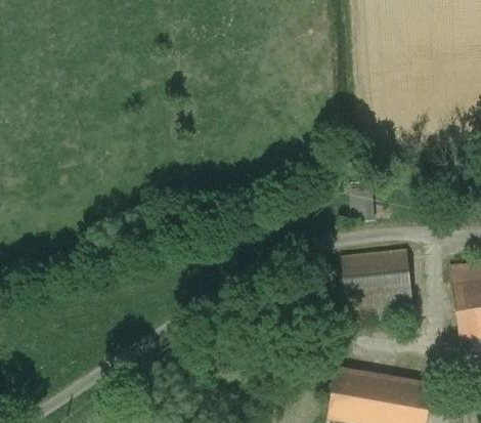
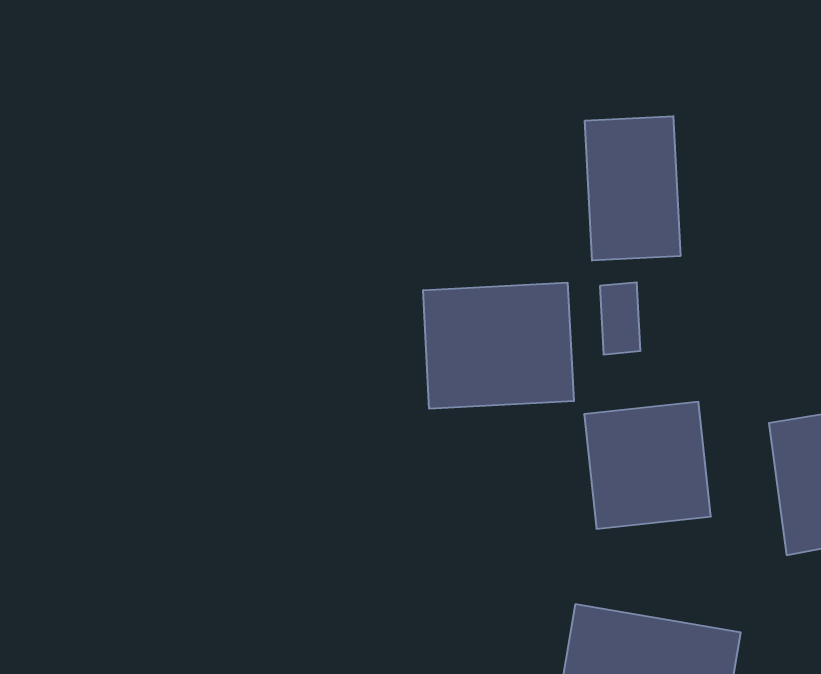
building: none -> [585,116,680,261]
building: none -> [423,283,574,409]

